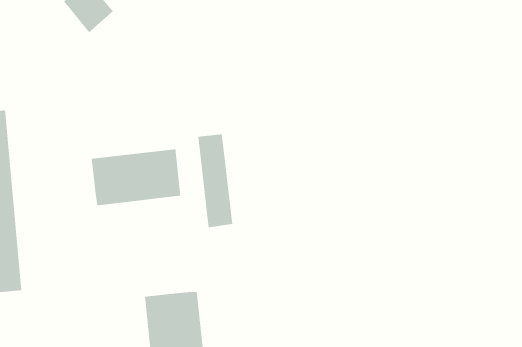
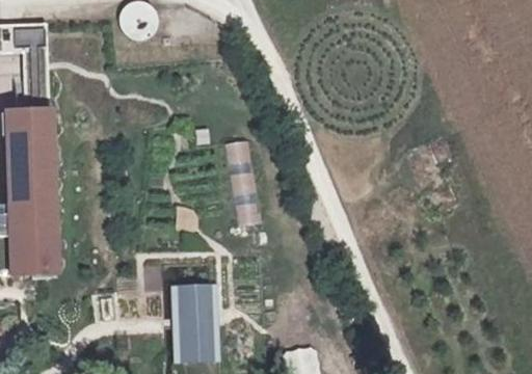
building: [91,148,181,206] -> none

